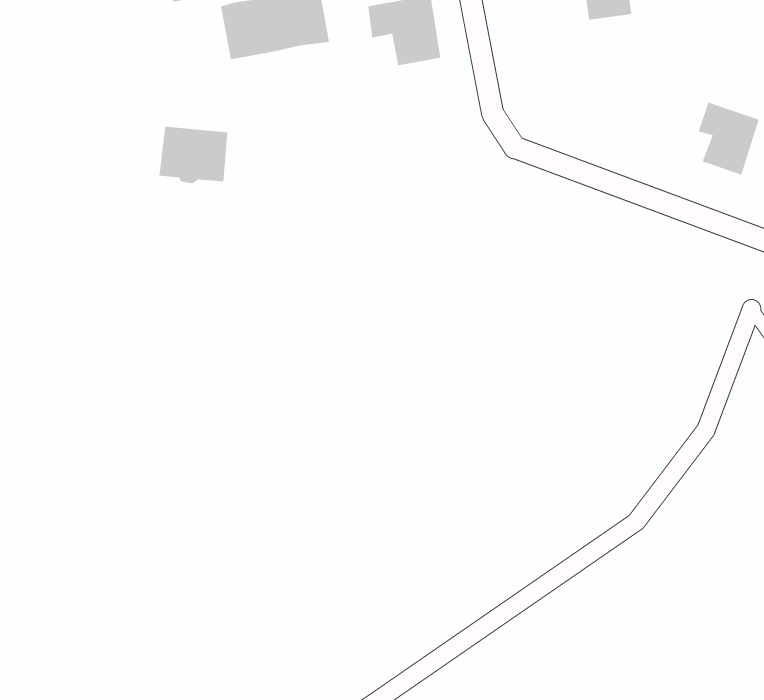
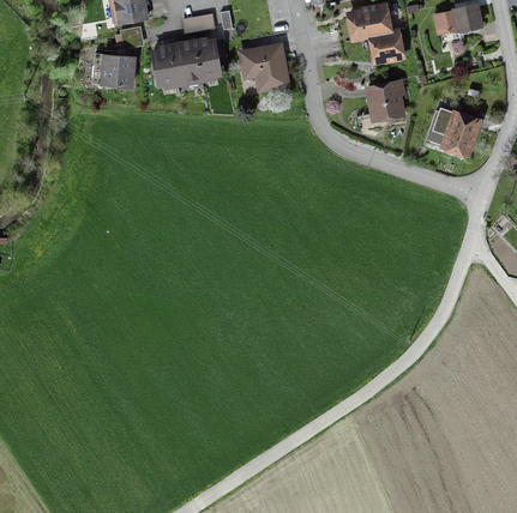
building: none -> [367,84,402,117]
building: [159,126,228,184] -> [91,54,133,89]

